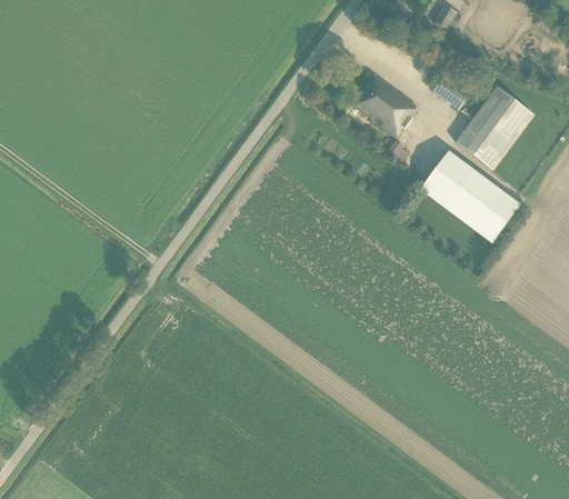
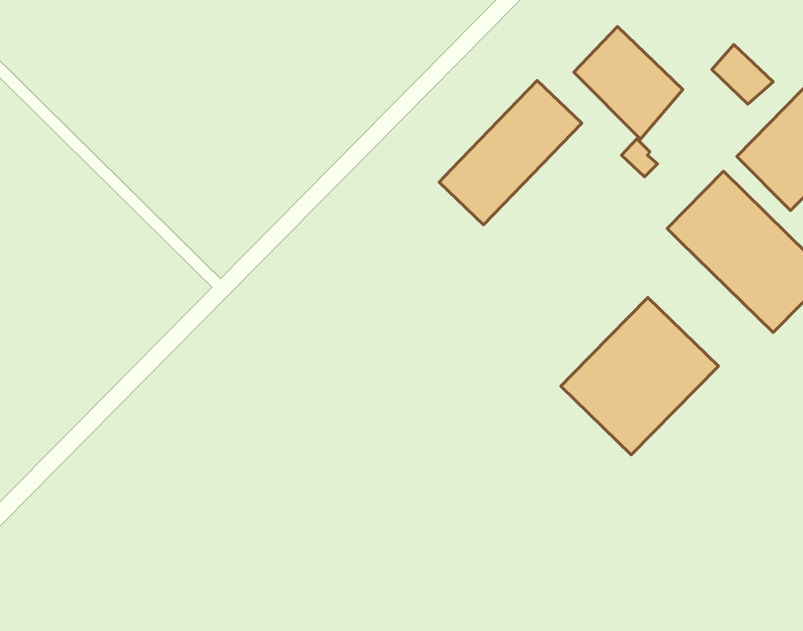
building: none -> [439,81,582,225]
building: none -> [561,297,718,455]

